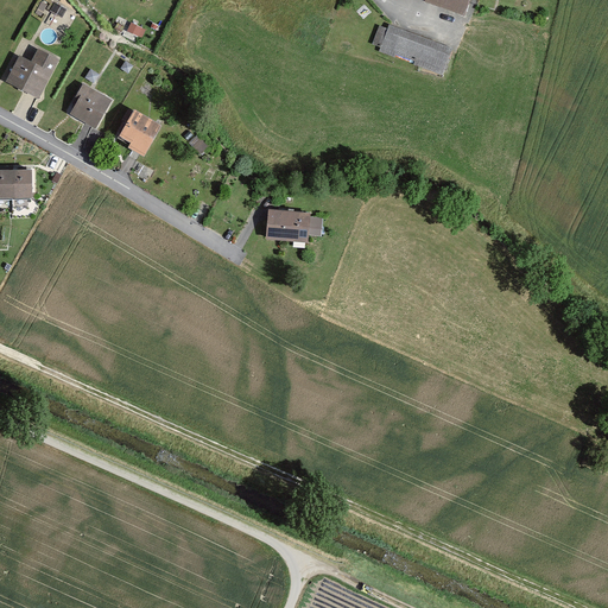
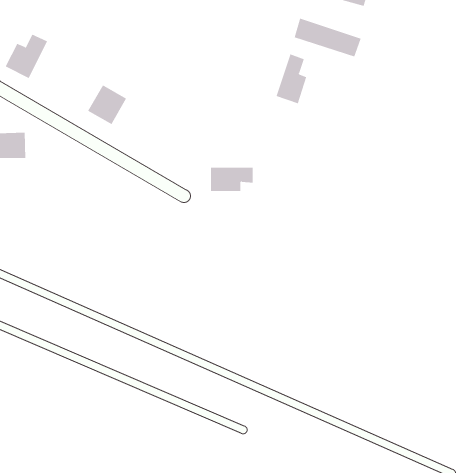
building: none -> [276,53,307,104]
building: [66,82,112,129] -> none

